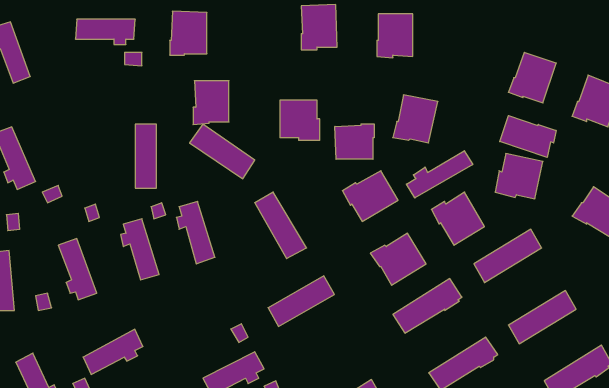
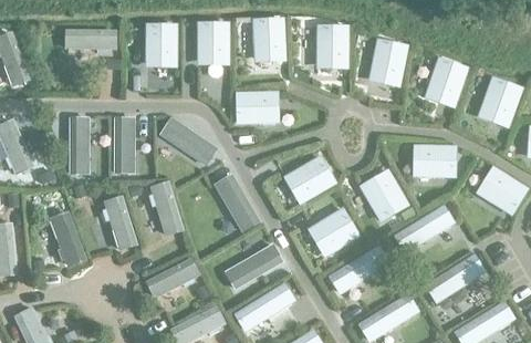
building: [193,81,229,125] -> [197,23,227,60]
building: [393,95,438,143] -> [368,40,406,80]
building: [500,116,556,157] -> none
building: none -> [70,117,87,172]
building: [335,124,374,159] -> none
building: [406,151,473,198] -> none
building: none -> [236,284,293,330]
building: [83,329,143,374] -> [147,259,197,297]

